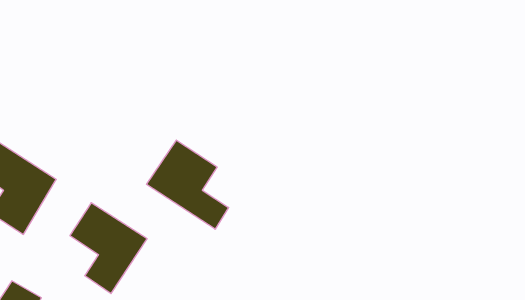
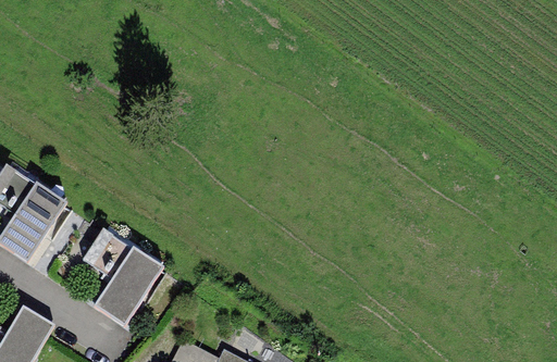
building: [147,140,229,229] -> none

